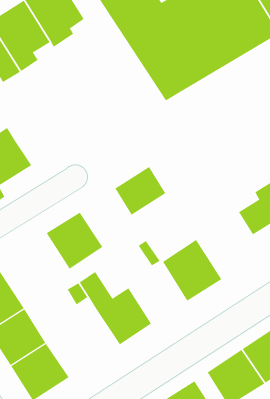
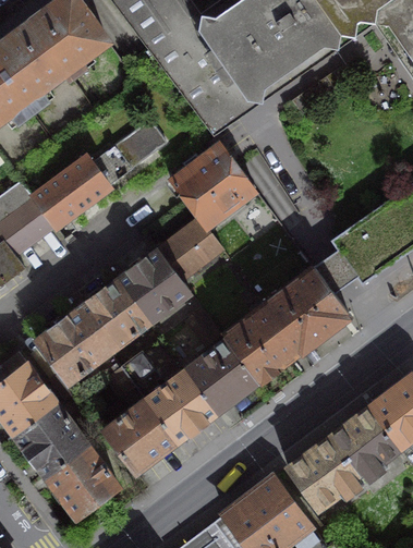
building: none -> [33,119,167,226]
building: none -> [171,145,254,226]
building: none -> [118,247,191,320]
building: none -> [264,266,347,350]
building: none -> [36,308,109,381]
building: none -> [184,337,257,411]
building: none -> [104,398,178,472]

